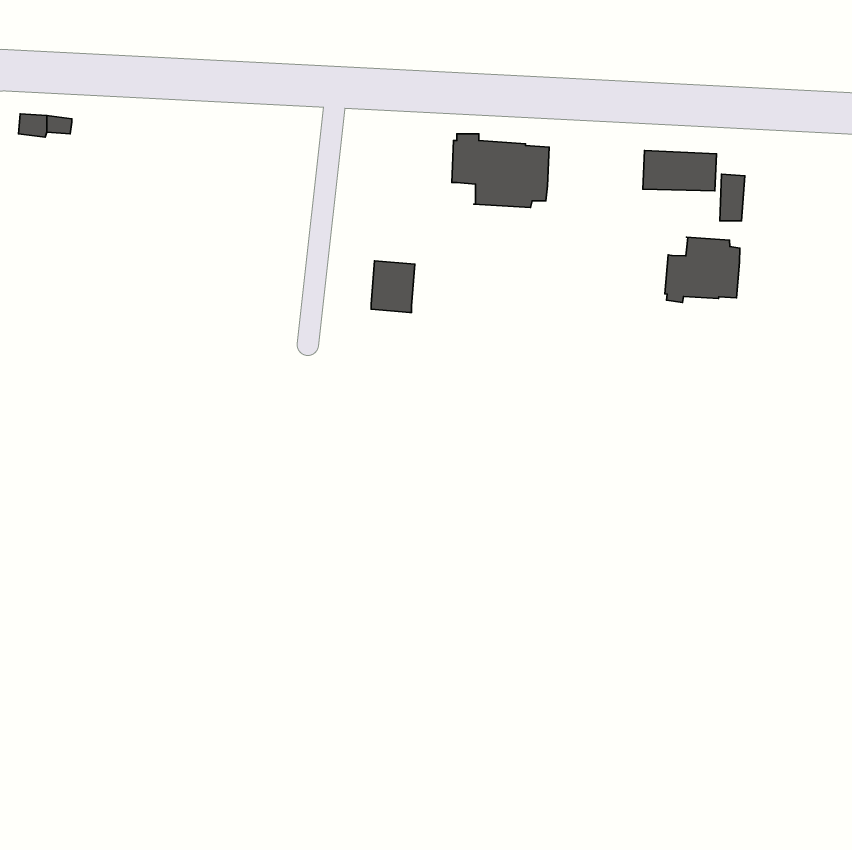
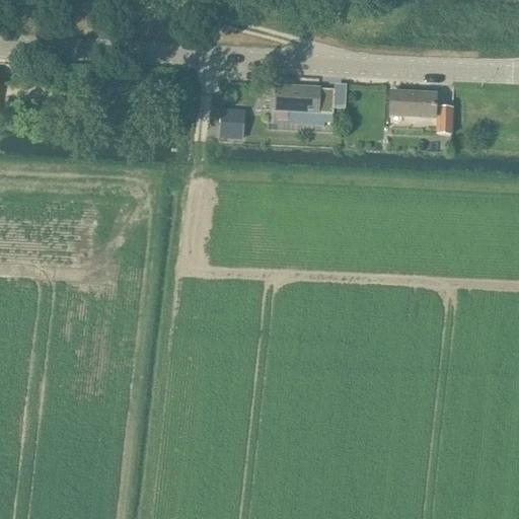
building: [665,237,740,303] -> none
building: [371,261,415,313] -> [219,107,245,139]

